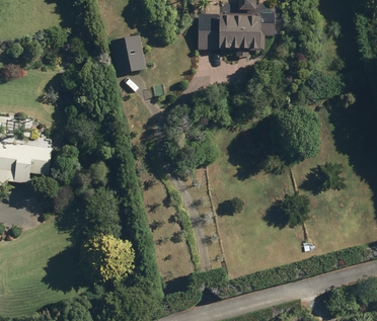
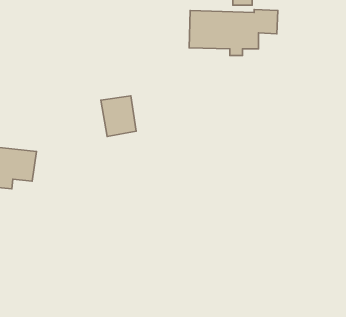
building: [111,33,145,72] -> [101,96,136,137]

